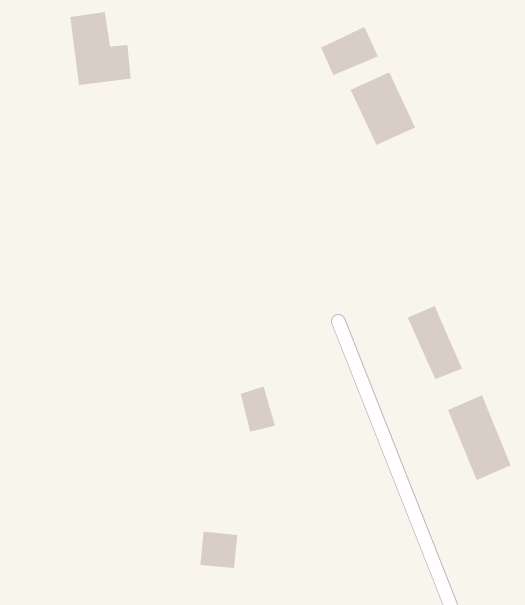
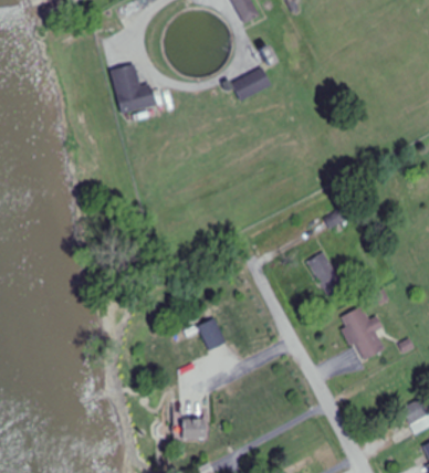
building: [69,12,132,86] -> [113,70,157,119]
building: [350,72,416,146] -> none

